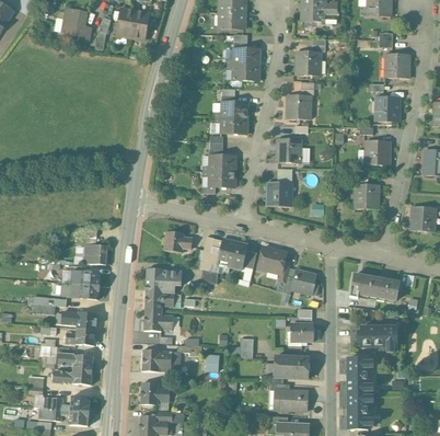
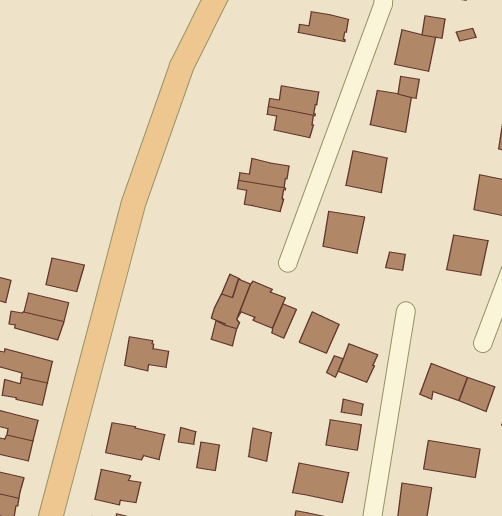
building: [227,64,259,85] -> none
building: [164,230,193,252] -> none
building: [146,268,182,292] -> none
building: [144,309,173,330] -> none

